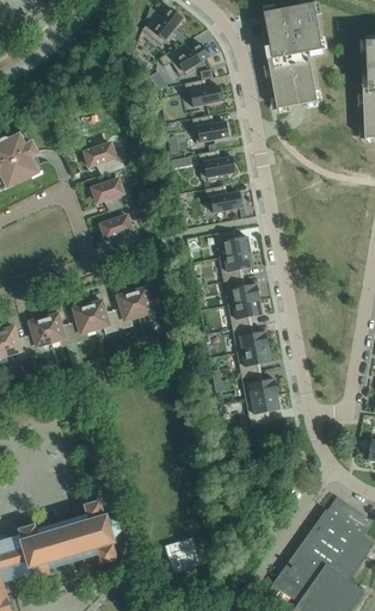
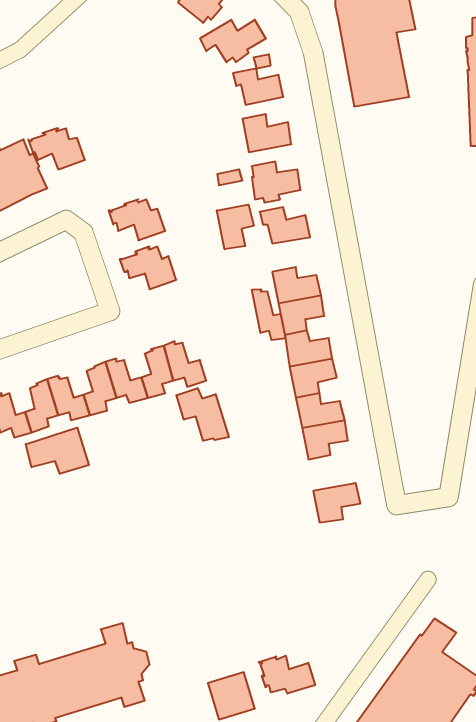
building: [82,142,125,173] -> [28,128,85,169]
building: none -> [217,205,254,249]
building: none -> [252,289,285,340]
building: none -> [176,388,229,441]
building: none -> [26,428,89,474]
building: [241,371,277,399] -> none
building: none -> [259,656,315,694]

